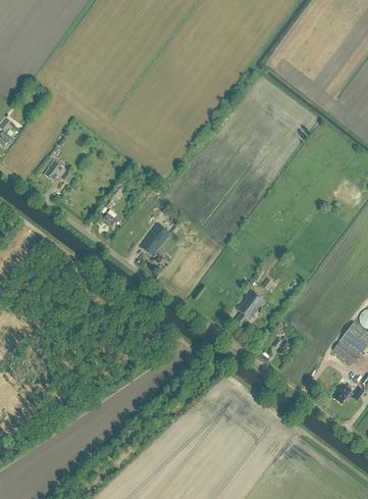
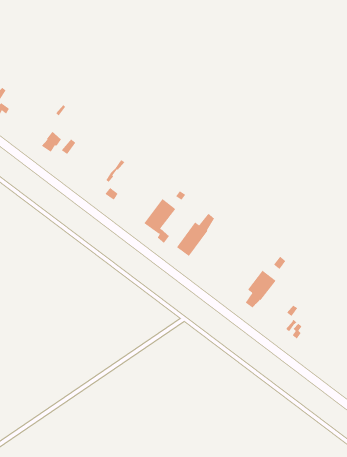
building: none -> [176,213,215,257]

